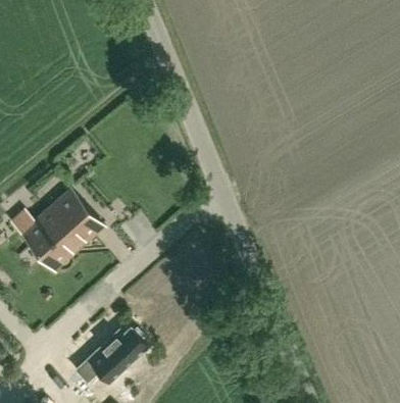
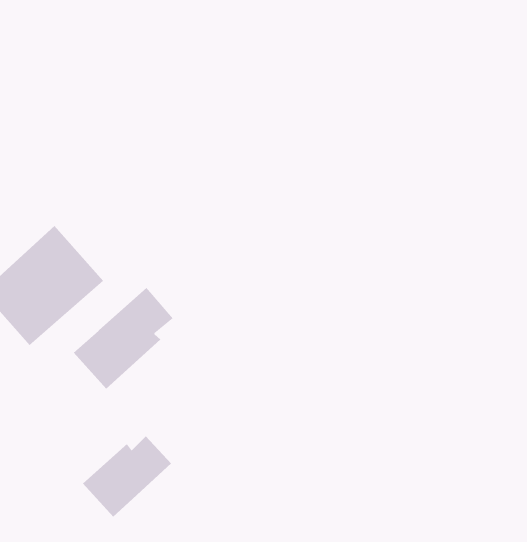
building: none -> [73,287,174,389]

